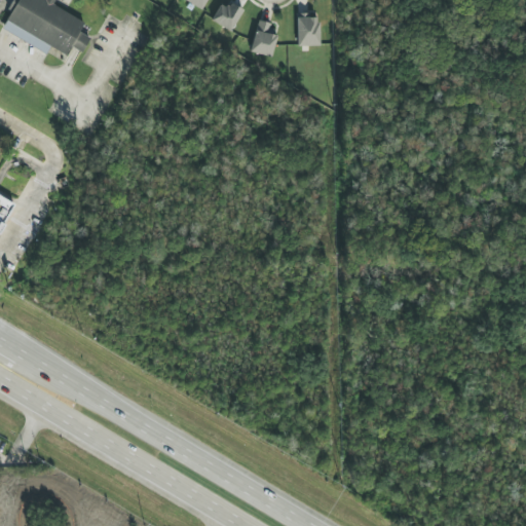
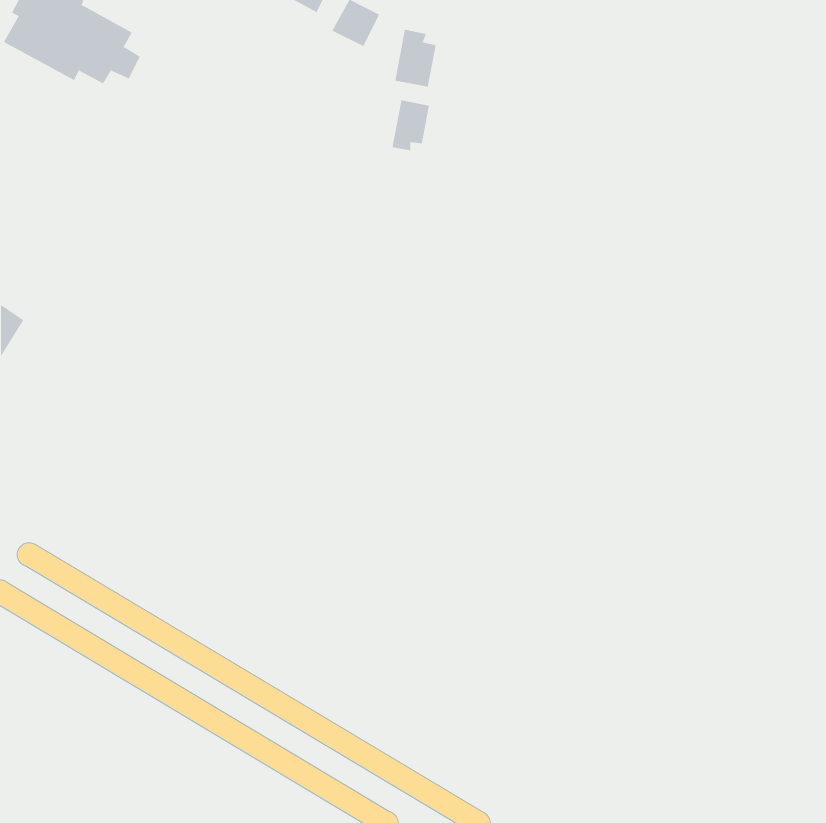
building: [297,12,318,44] -> none
building: none -> [392,100,429,151]

